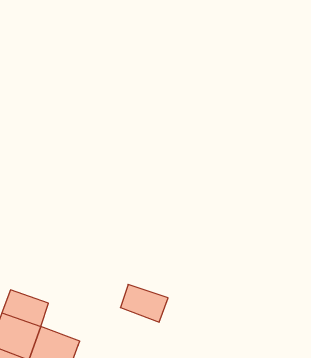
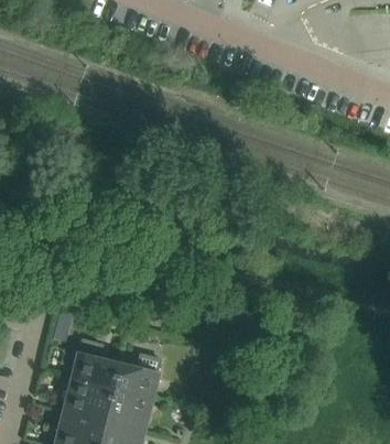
building: [120,284,168,322] -> [111,365,159,400]

